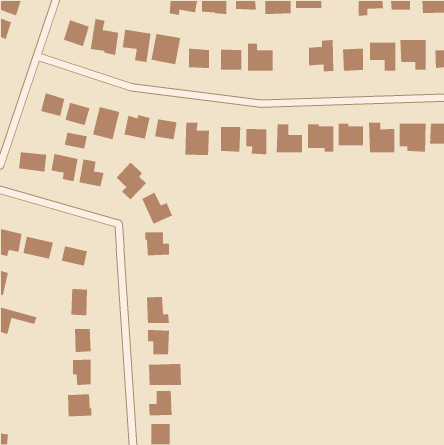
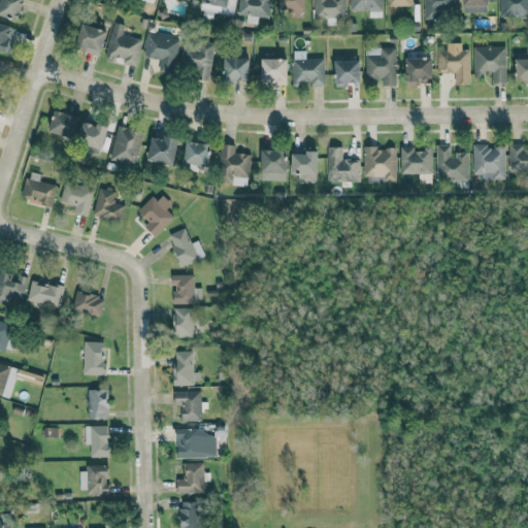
building: none -> [336,60,361,87]
building: [64,132,88,150] -> none
building: none -> [173,307,193,337]

